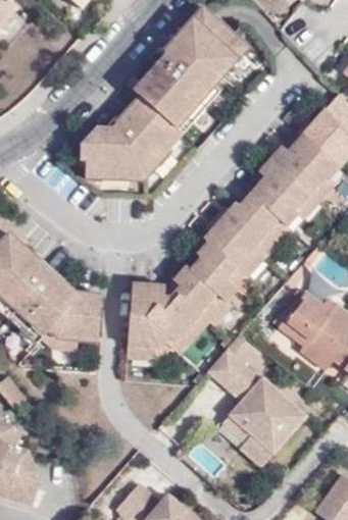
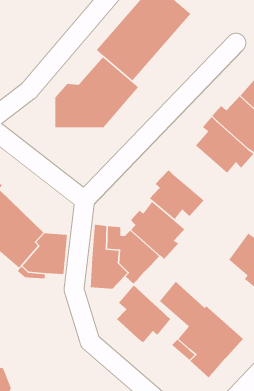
building: [219,193,288,256] -> none
building: none -> [116,284,172,344]

